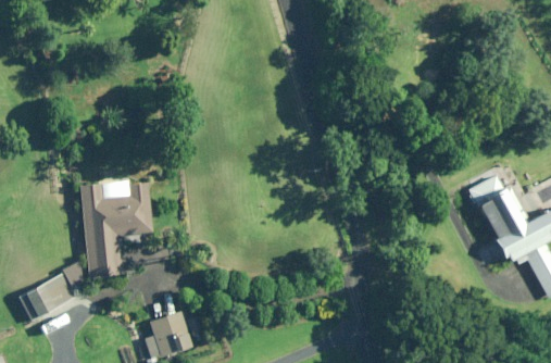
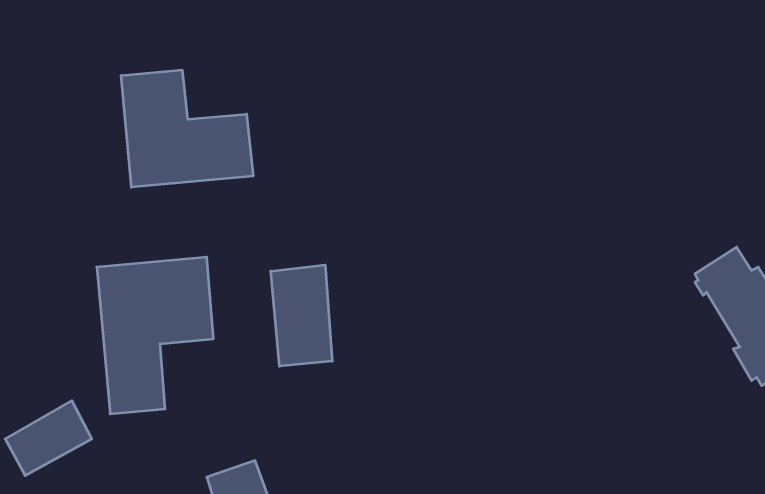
building: none -> [121,70,253,187]
building: none -> [271,265,332,366]

